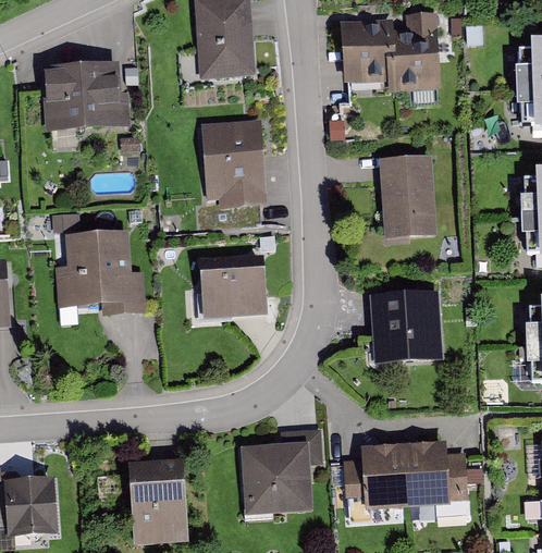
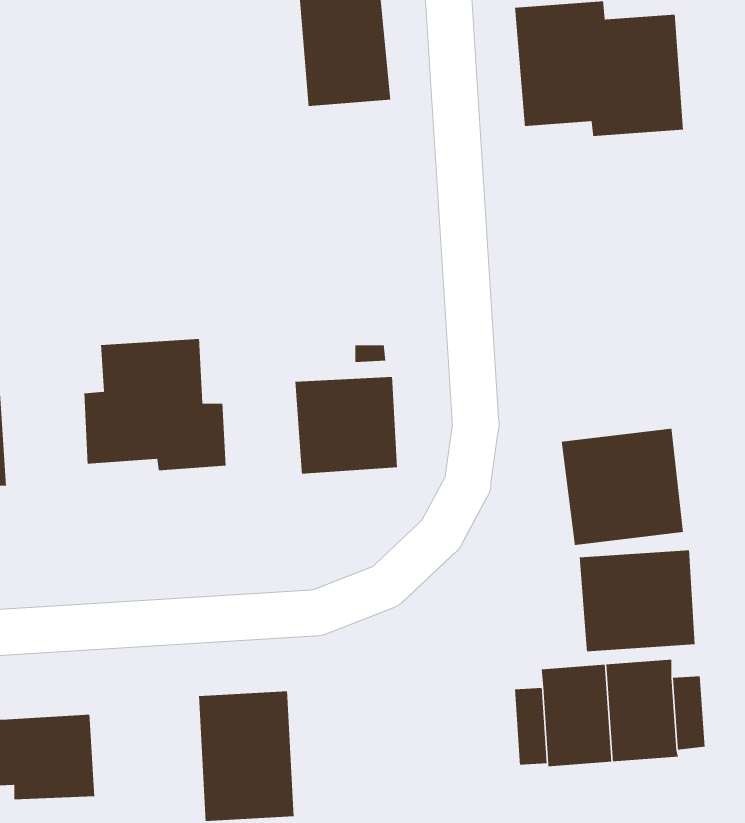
building: [41,60,132,134] -> none
building: [200,116,269,207] -> none
building: [377,151,442,235] -> none
building: none -> [579,549,696,652]
building: [238,434,317,517] -> none

